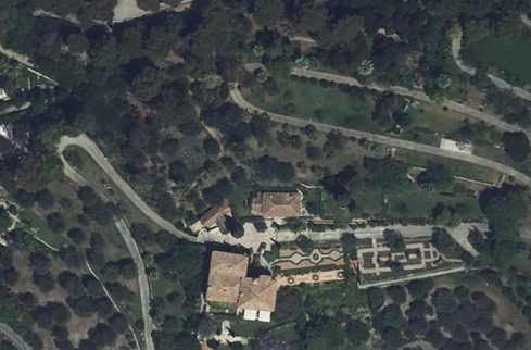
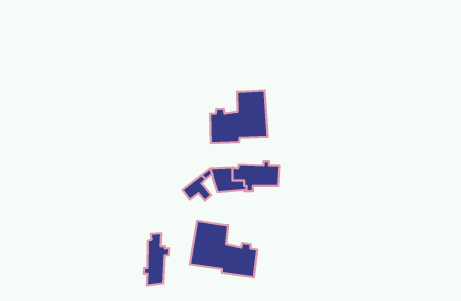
building: none -> [210,91,268,143]
building: none -> [144,233,169,285]

